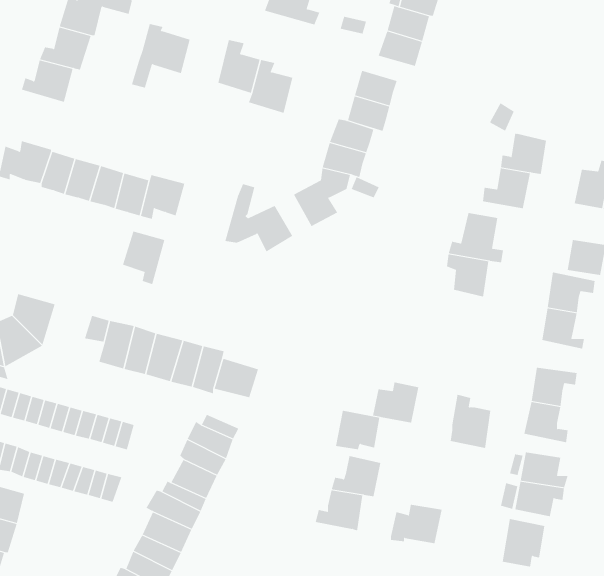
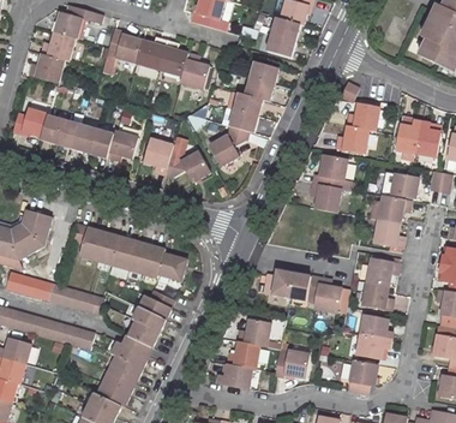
building: none -> [134,37,166,68]
building: [122,231,165,285] -> [143,138,172,174]
building: [335,410,380,450] -> [288,272,318,298]
building: none -> [214,362,248,387]

